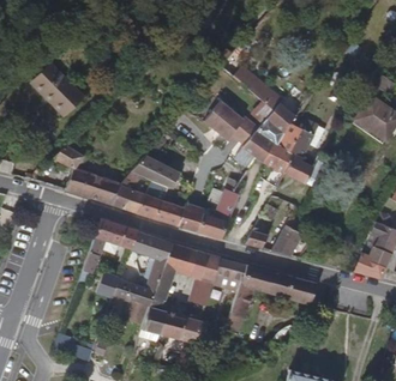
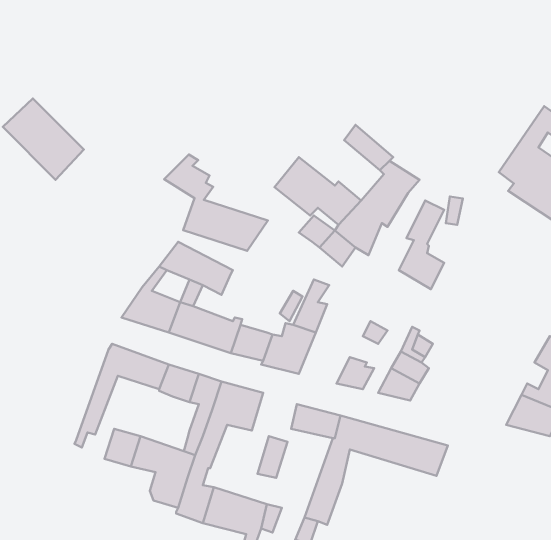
building: [264,115,300,173] -> none
building: [54,141,120,202] -> [164,155,268,251]
building: [190,250,220,282] -> none

